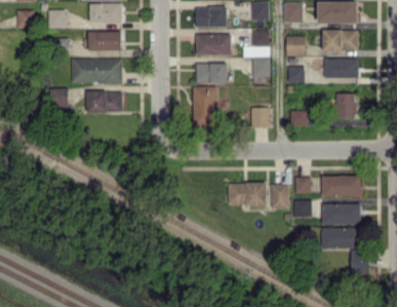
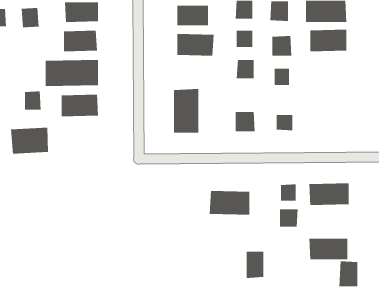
building: [325,59,359,78] -> none
building: [196,64,228,84] -> none
building: [336,93,356,118] -> none
building: none -> [11,127,49,154]
building: [271,184,288,209] -> [246,251,264,278]
building: [321,204,360,225] -> none

